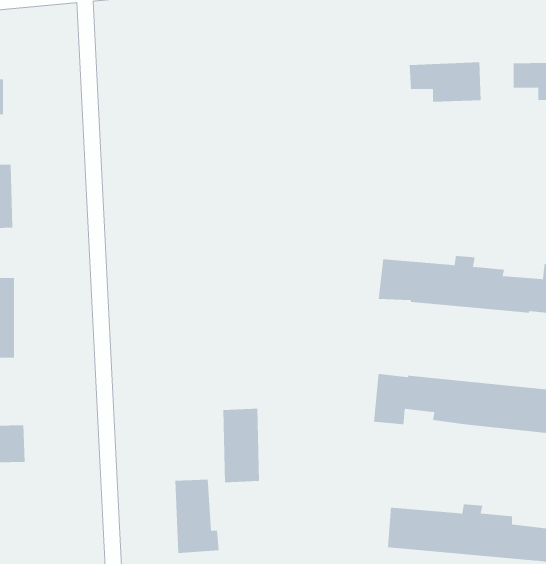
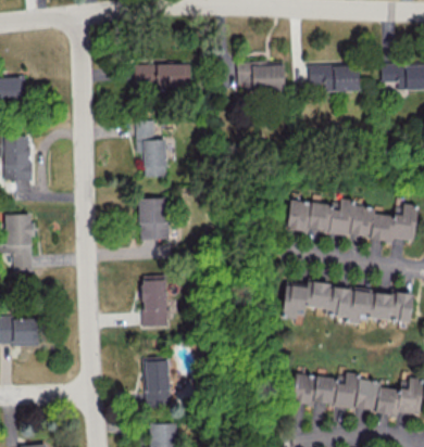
building: none -> [236,62,284,91]
building: none -> [135,64,190,88]
building: none -> [136,122,166,177]
building: none -> [139,197,169,240]
building: [222,408,260,483] -> [141,276,167,328]

